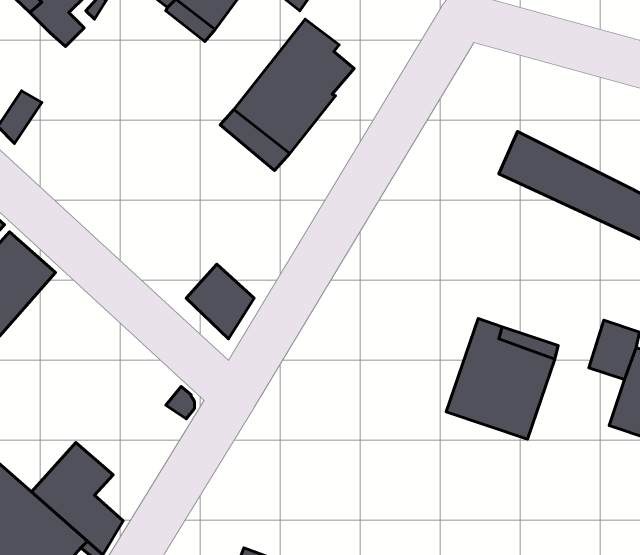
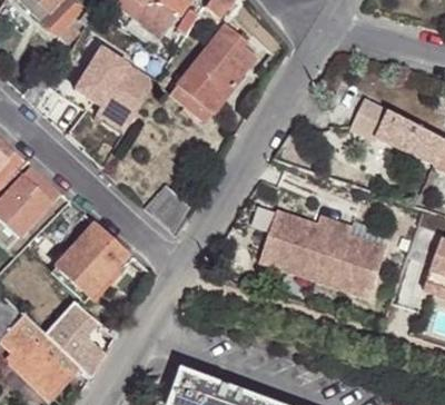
building: none -> [75,43,155,128]
building: none -> [260,208,337,280]
building: none -> [53,220,129,297]

